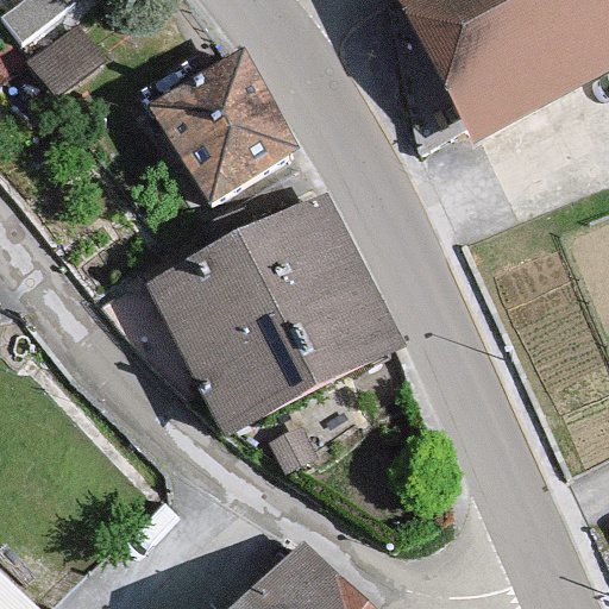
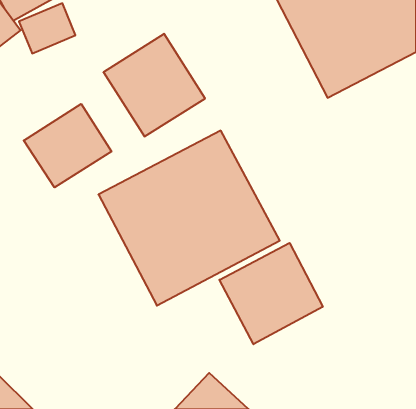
building: none -> [24,104,111,187]
building: none -> [219,243,323,344]

